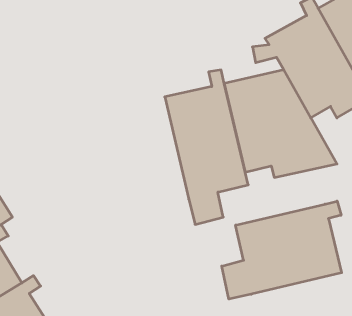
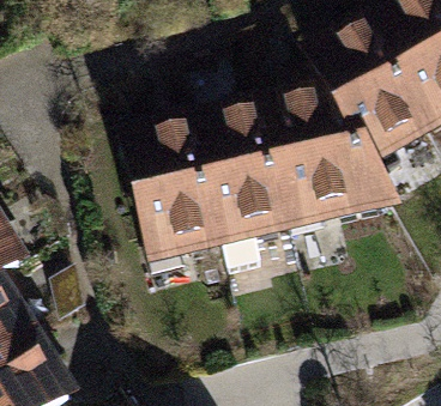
building: none -> [125,113,222,255]
building: [222,201,342,299] -> none

